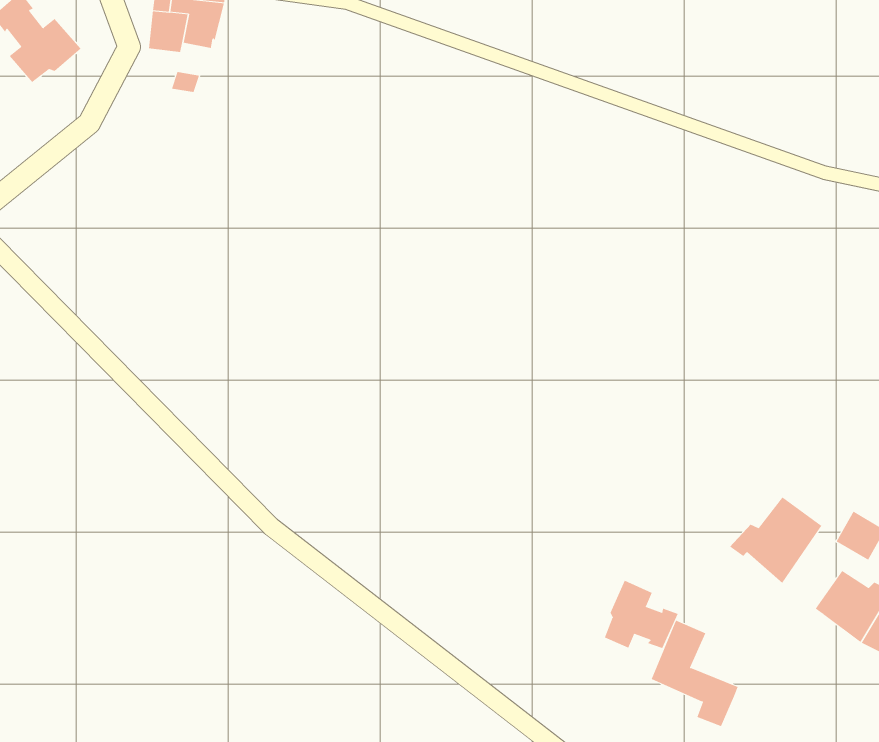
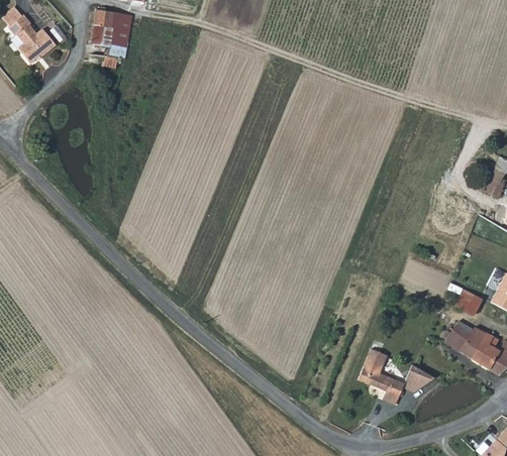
building: [729,497,822,584] -> none
building: [604,580,678,649] -> none
building: none -> [402,365,432,390]

